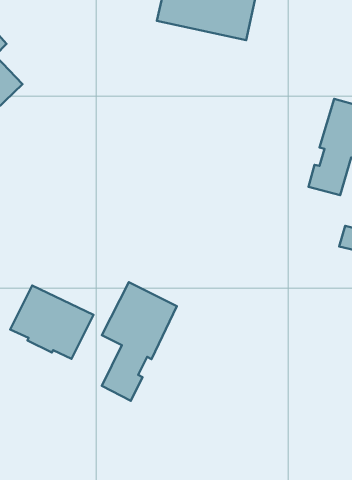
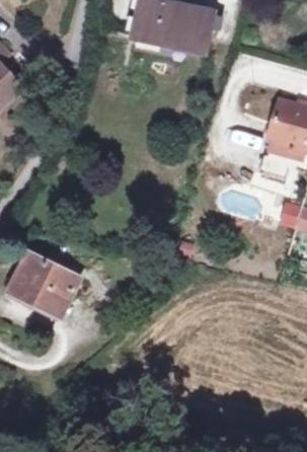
building: [102,282,177,401] -> none

